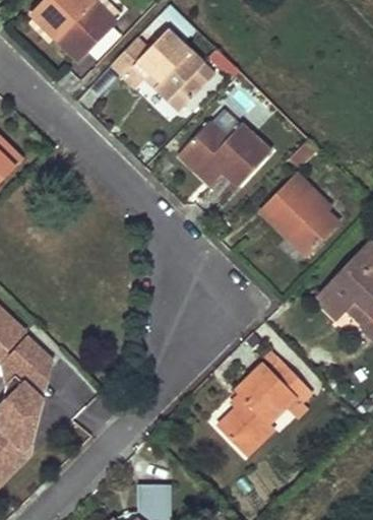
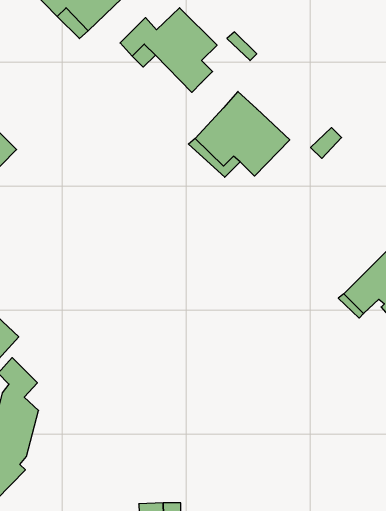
building: [261,173,338,254] -> none
building: [15,340,49,400] -> none
building: [217,360,311,453] -> none

